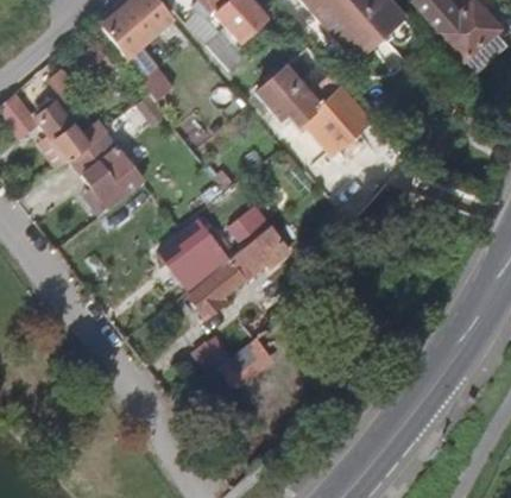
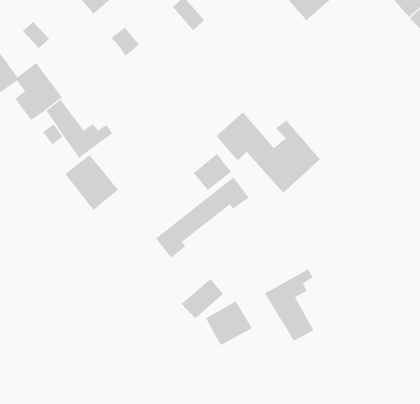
building: [258,68,371,156] -> [215,112,321,194]
building: [163,227,221,288] -> [64,154,119,211]
building: none -> [264,268,314,341]

